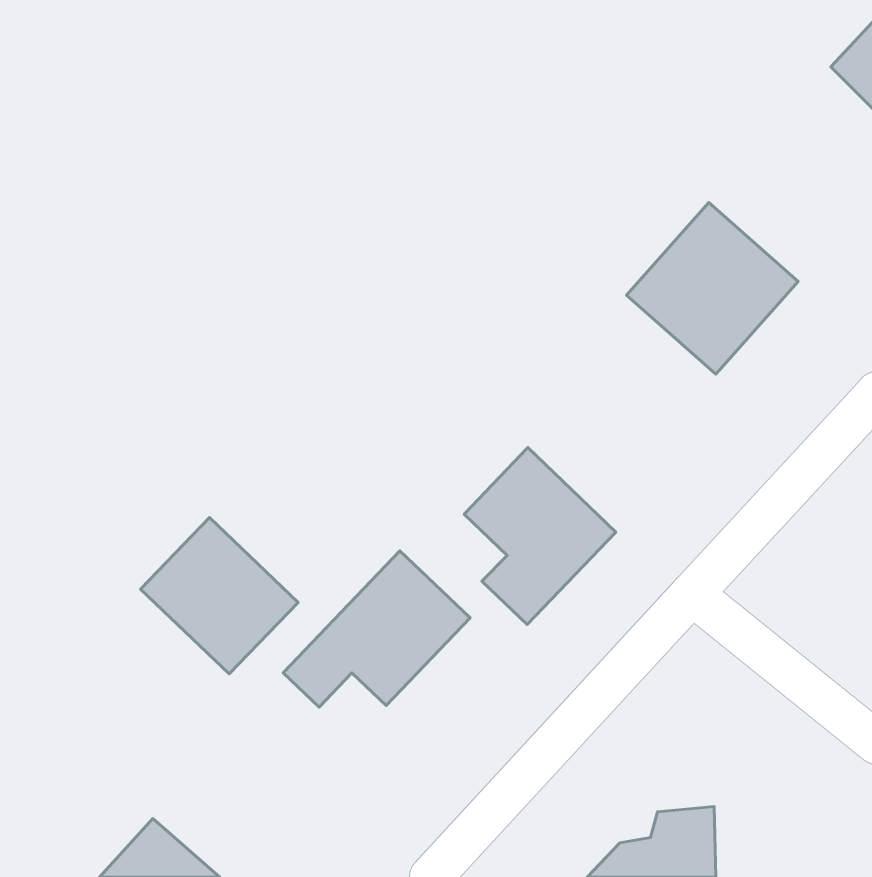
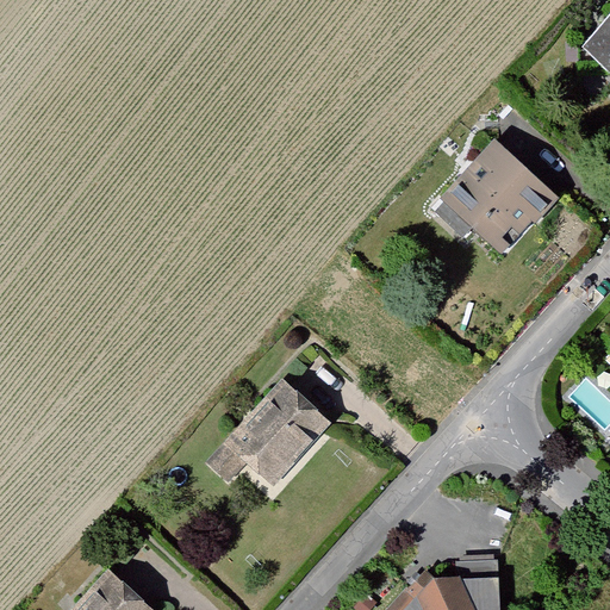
building: [464,448,616,625] -> none
building: [141,518,298,674] -> none

